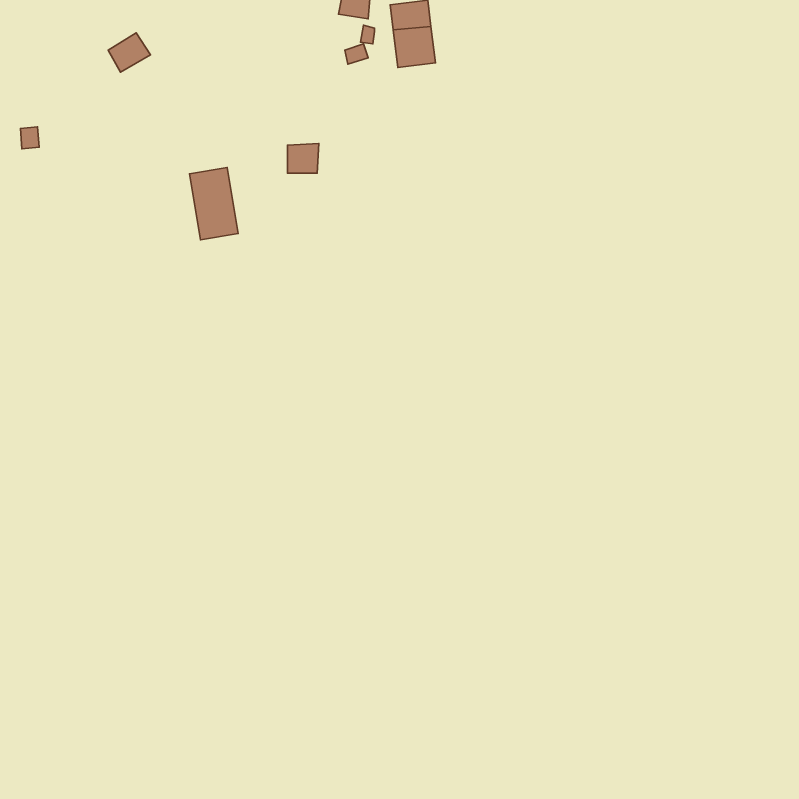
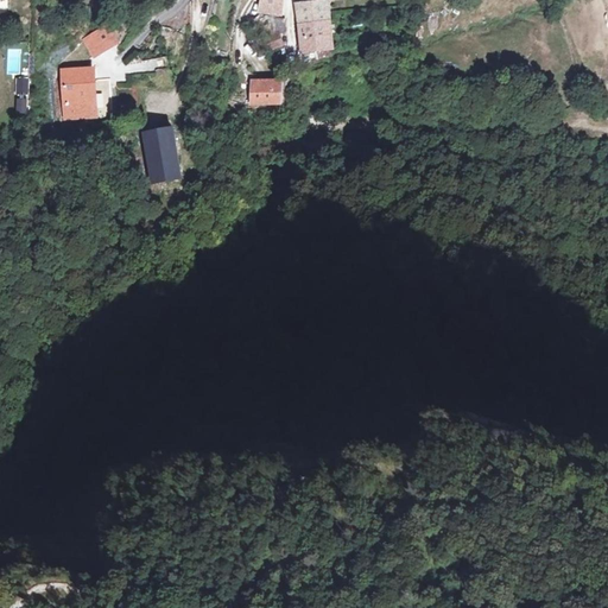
building: none -> [63,69,95,115]
building: [287,143,319,173] -> [247,78,271,101]

